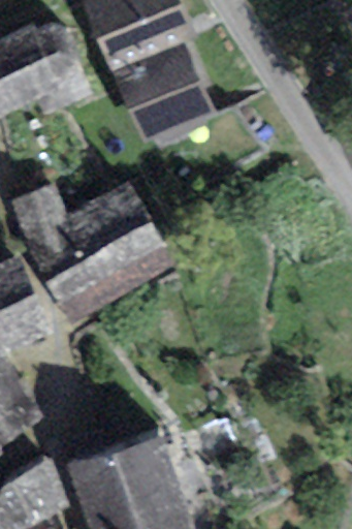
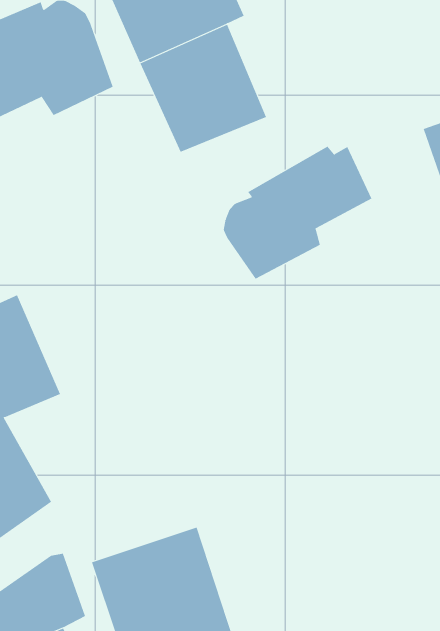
building: none -> [223,146,372,280]
building: [12,183,178,324] -> none

